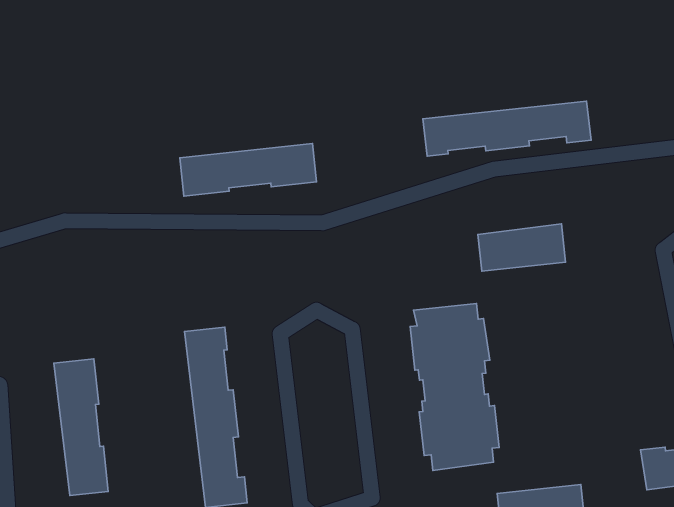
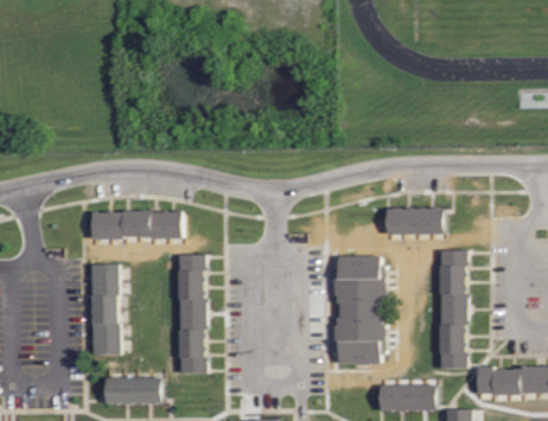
building: [423,101,591,156] -> none
building: [180,143,316,196] -> [90,212,180,238]
building: none -> [441,248,470,369]

